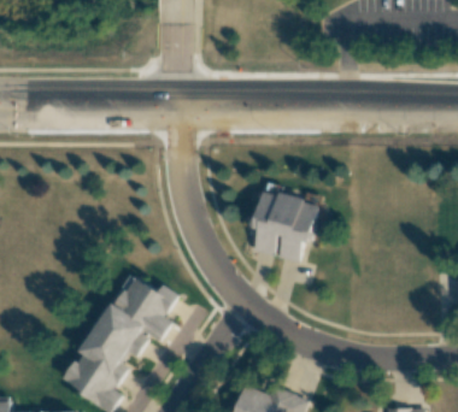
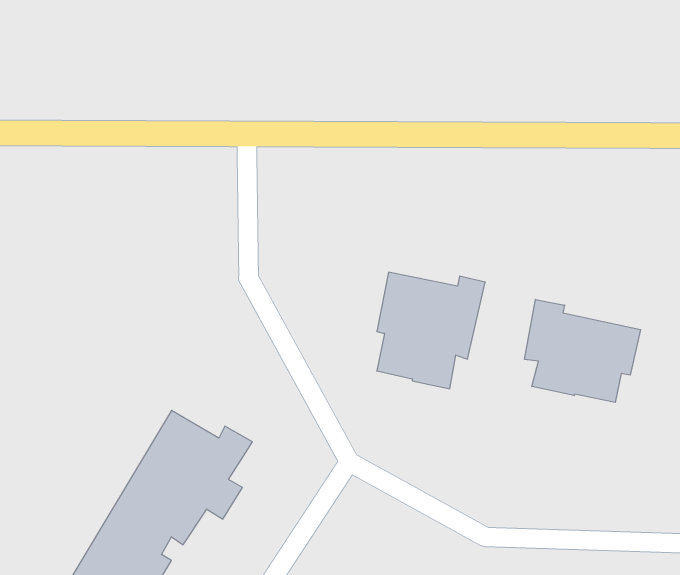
building: none -> [525,299,641,402]

